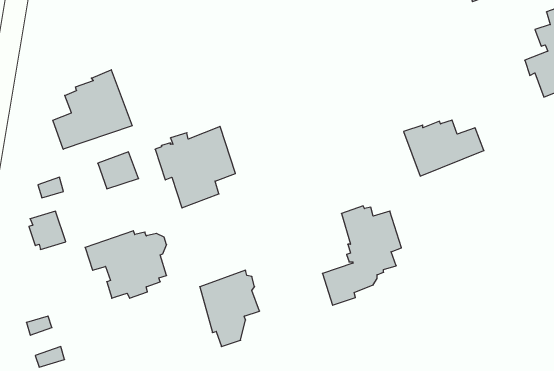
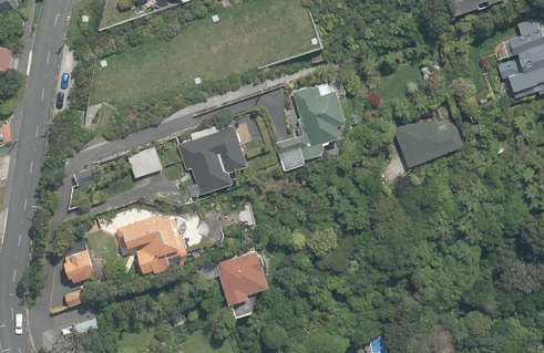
building: [53,70,132,149] -> none
building: [322,206,401,305] -> [275,85,343,172]
building: [29,211,66,249] -> [62,249,94,282]

